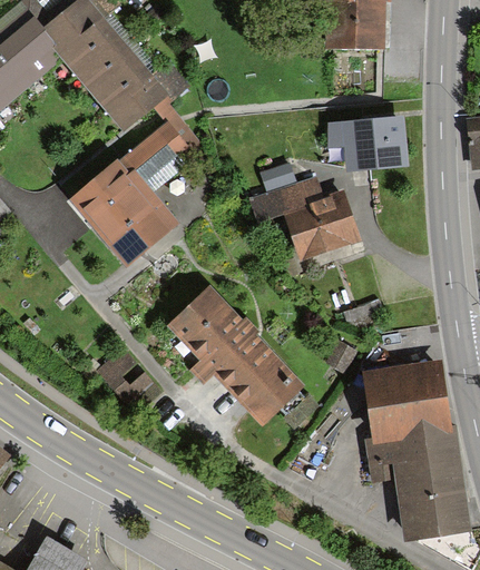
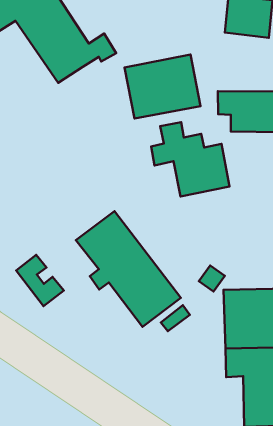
building: none -> [125,55,201,118]
building: [71,94,202,267] -> none

